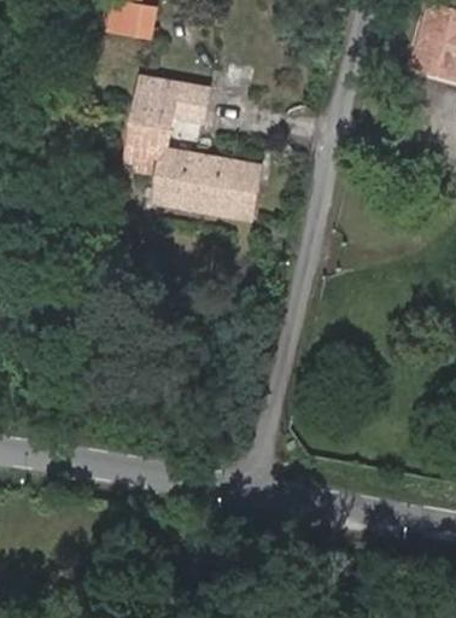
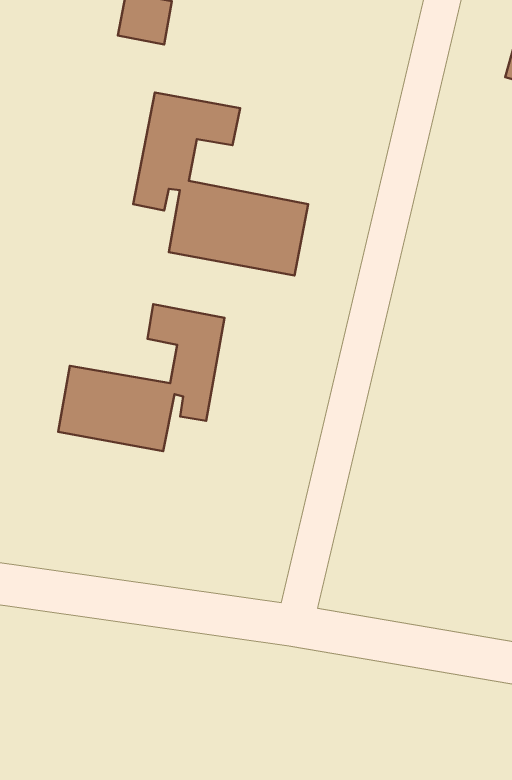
building: none -> [58,304,224,451]

